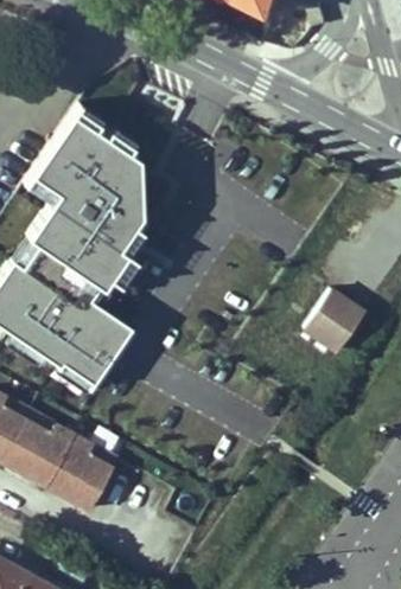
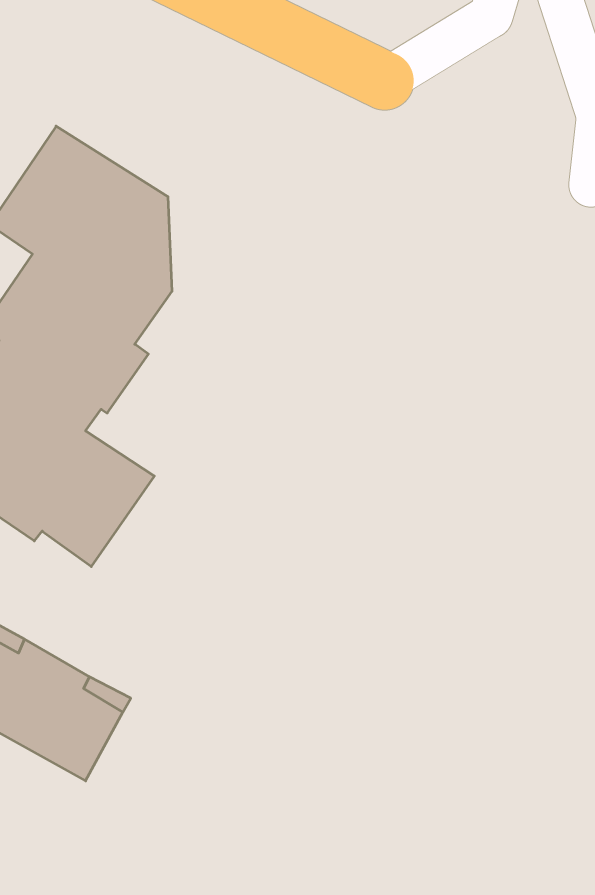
building: [304,289,364,352] -> none

